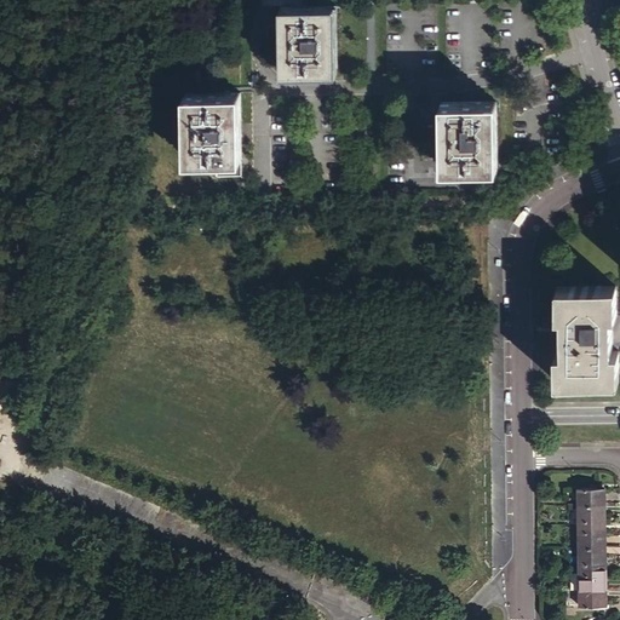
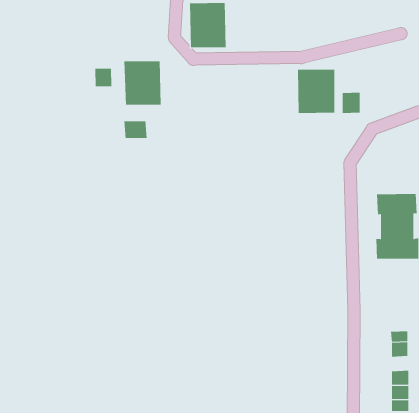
building: none -> [95,68,112,87]
building: none -> [342,92,360,114]
building: none -> [124,121,147,139]
building: [575,535,602,557] -> none

